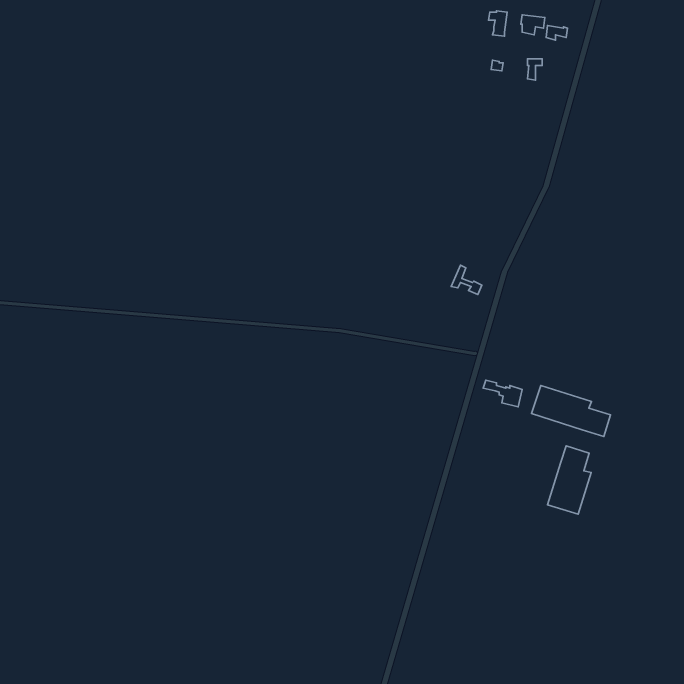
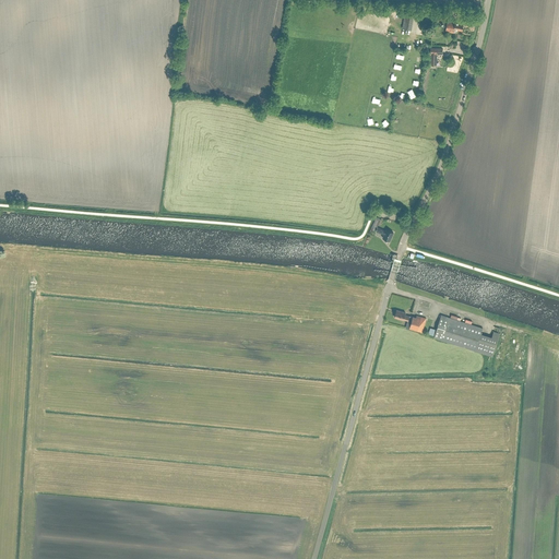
building: [547,446,591,514] -> none

